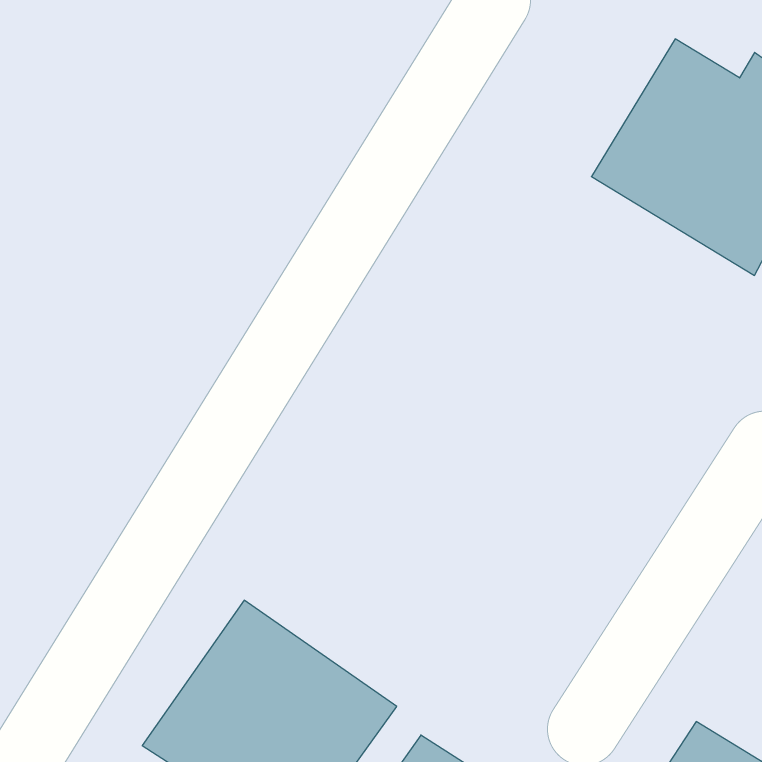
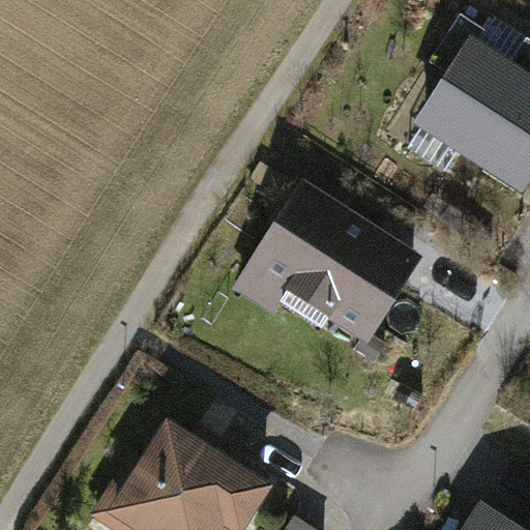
building: none -> [237,189,414,353]

